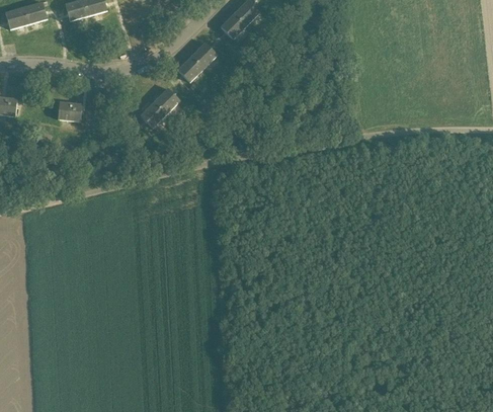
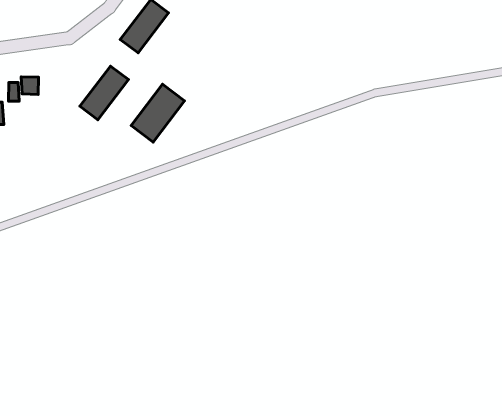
building: none -> [131,84,185,142]

